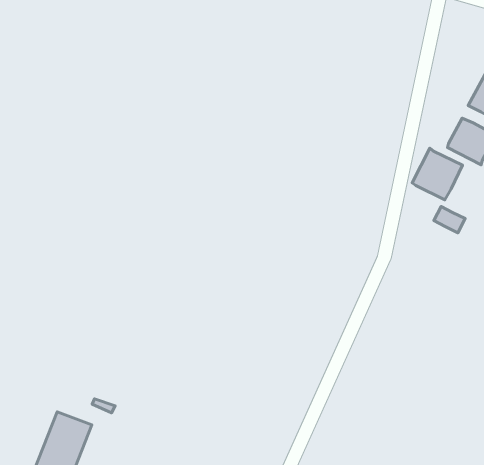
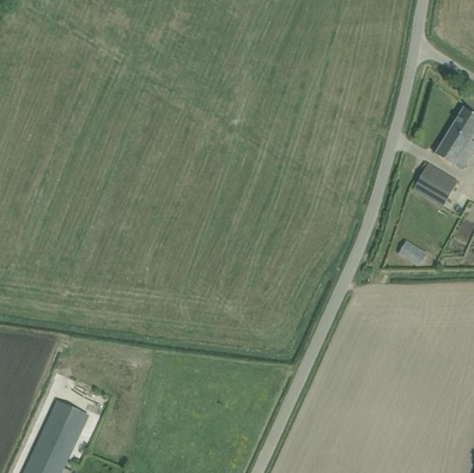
building: [412,148,462,200] -> none

